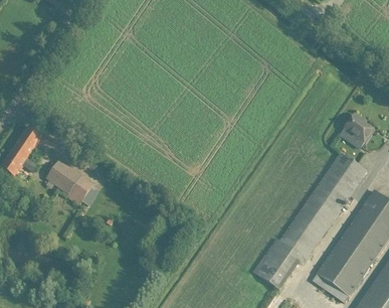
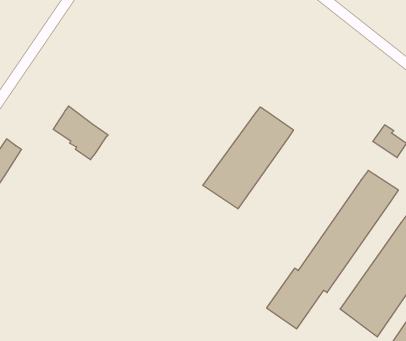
building: none -> [203,107,293,209]
building: [47,158,94,204] -> [53,106,108,160]

